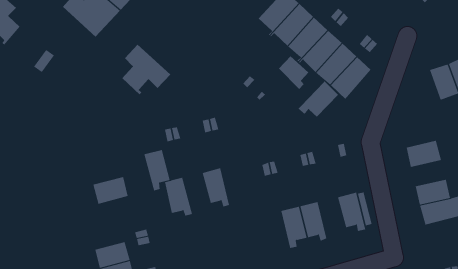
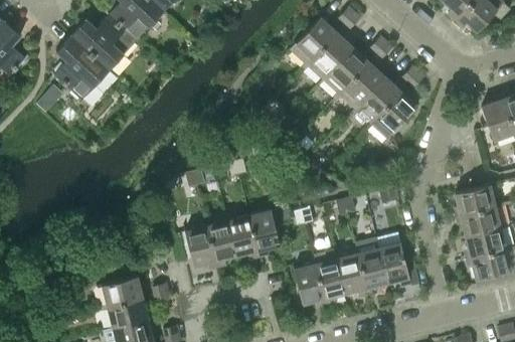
building: [121,44,171,95] -> [53,36,109,94]
building: [278,55,309,90] -> none
building: [298,80,339,118] -> none
building: [144,150,171,191] -> [206,221,236,268]
building: none -> [460,207,500,236]
building: none -> [248,210,280,258]
building: [92,176,128,204] -> [102,276,142,307]
building: none -> [354,237,387,295]
building: none -> [293,264,325,308]

